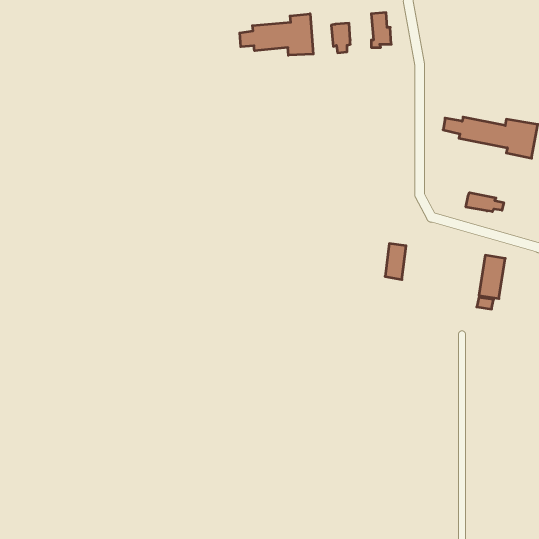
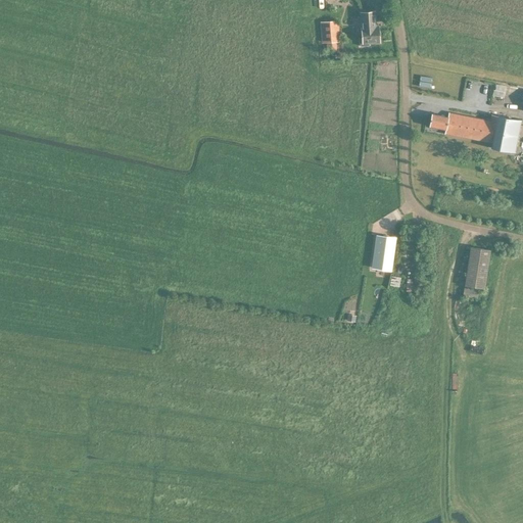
building: [240,14,313,55] -> none
building: [466,193,504,212] -> none

